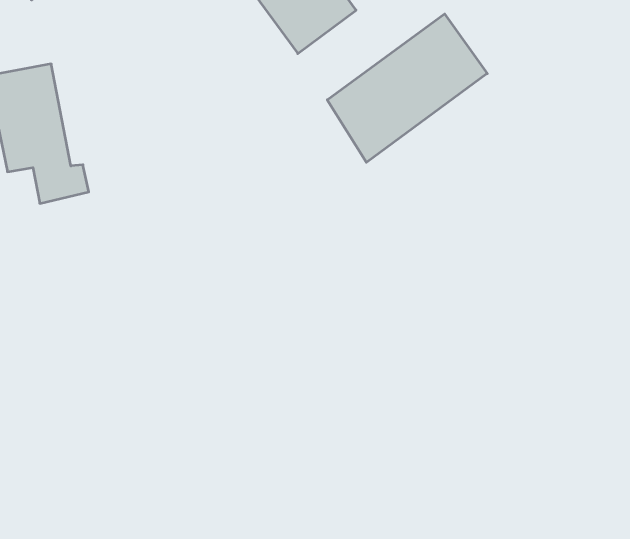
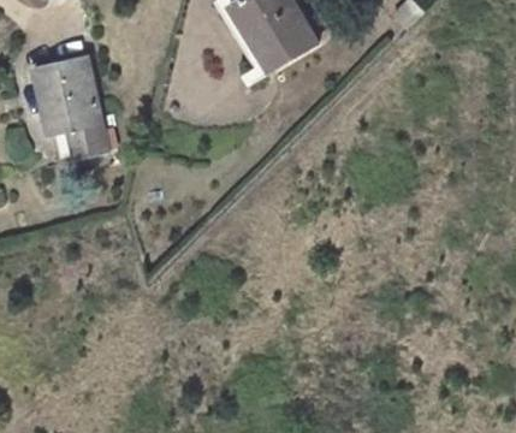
building: [327,14,487,162] -> none

